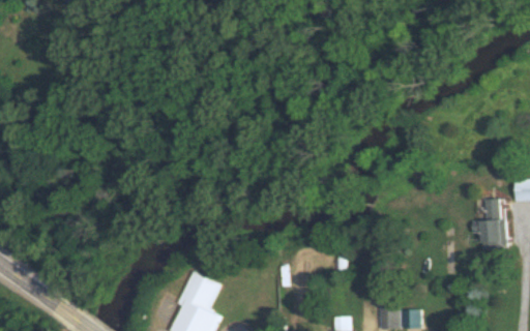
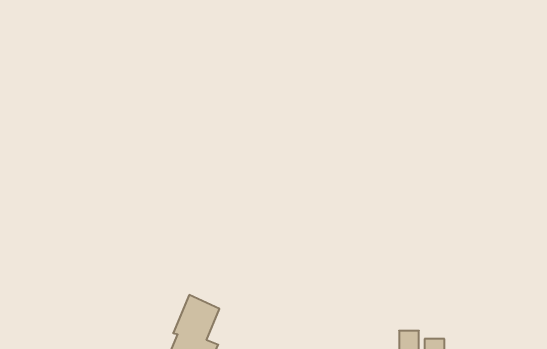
building: [481,200,502,248] -> none

